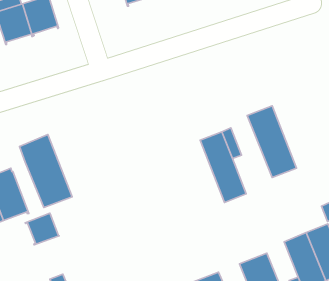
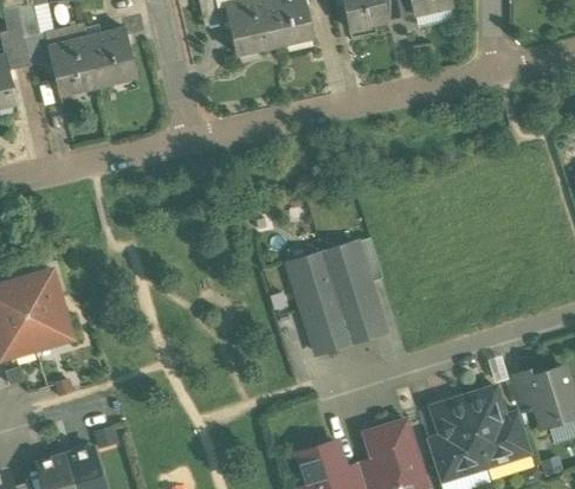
building: [247,106,296,178] -> [288,253,351,355]
building: [19,134,72,207] -> none
building: [25,213,59,245] -> none

